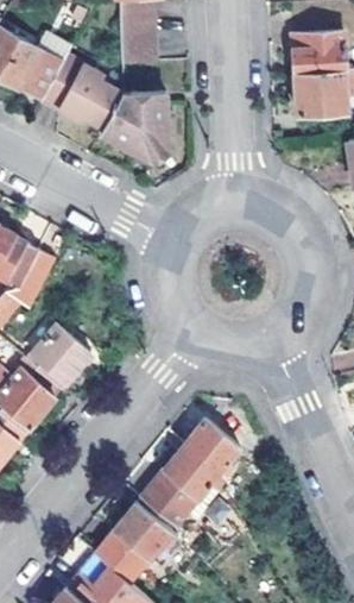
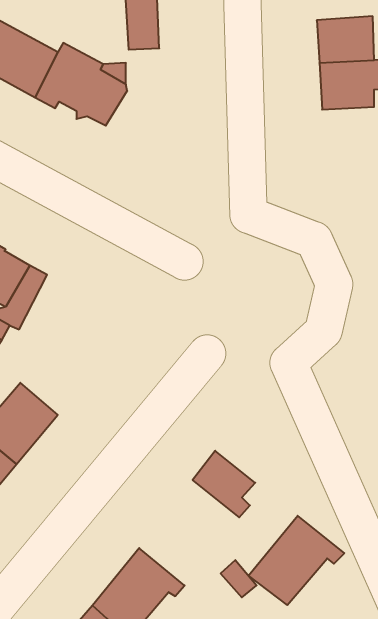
building: [101,96,167,162] -> none
building: [30,324,91,385] -> none
building: [139,444,225,523] -> [248,516,344,605]

